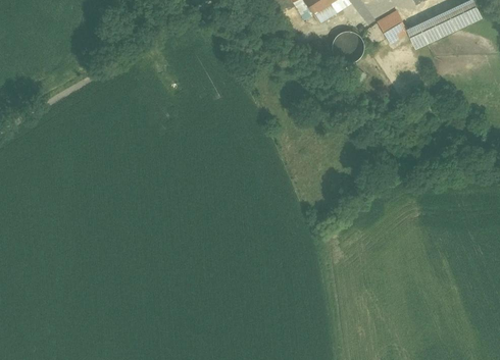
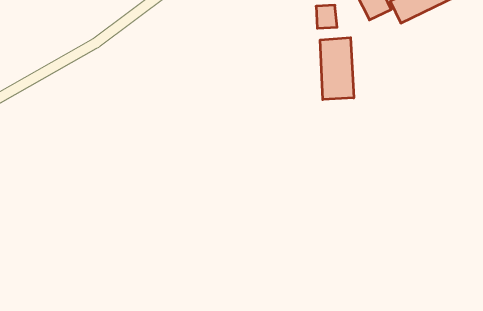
building: none -> [320,38,354,100]

